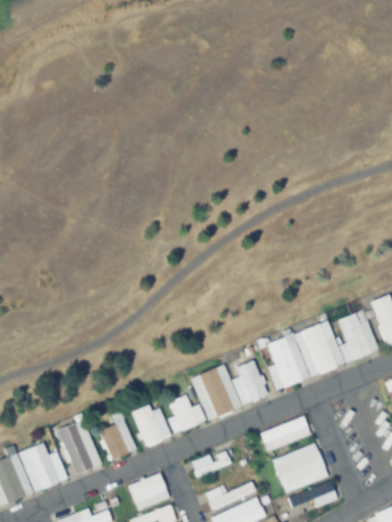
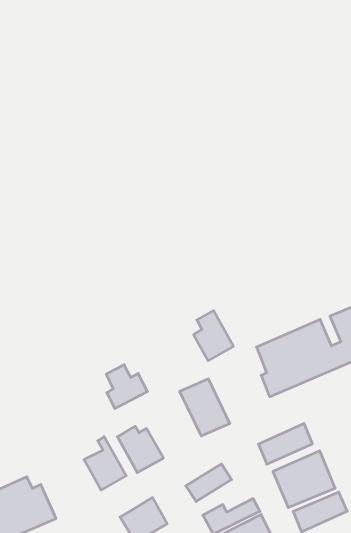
building: [232,359,267,405] -> [194,311,233,361]
building: [167,395,205,434] -> [106,365,148,409]
building: [59,420,99,476] -> none

